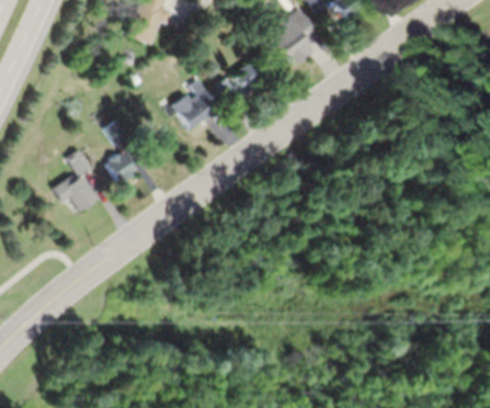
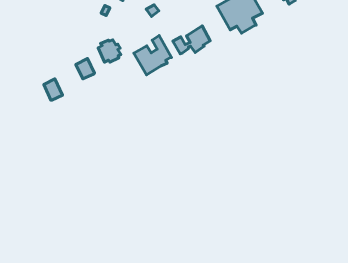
building: [106,151,135,180] -> [98,40,121,62]
building: [53,174,96,211] -> none

